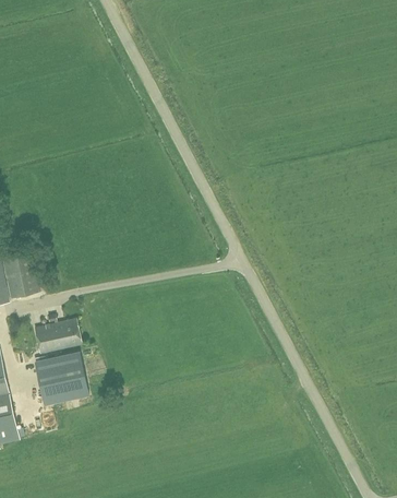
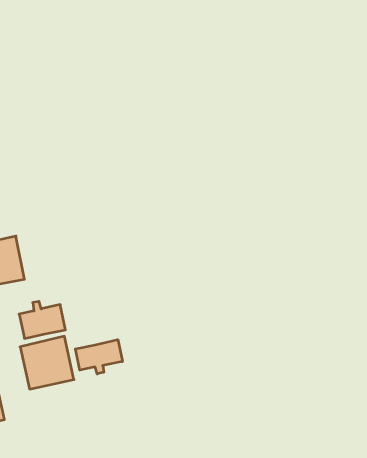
building: none -> [75,340,122,374]

